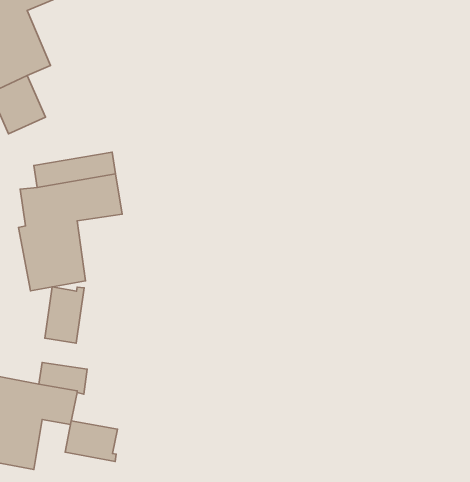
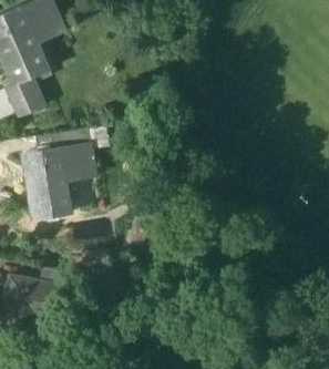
building: [45,287,84,343] -> none
building: [65,421,118,461] -> none

